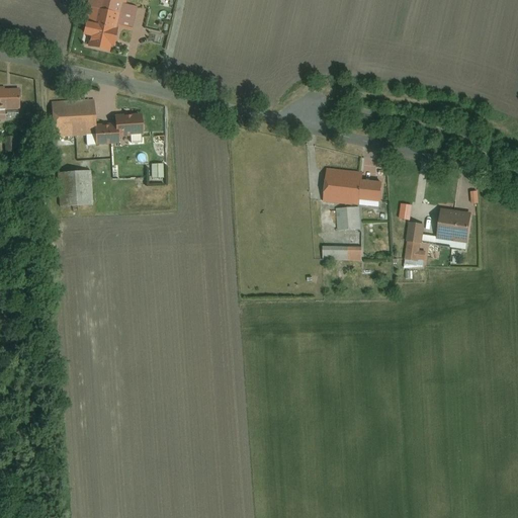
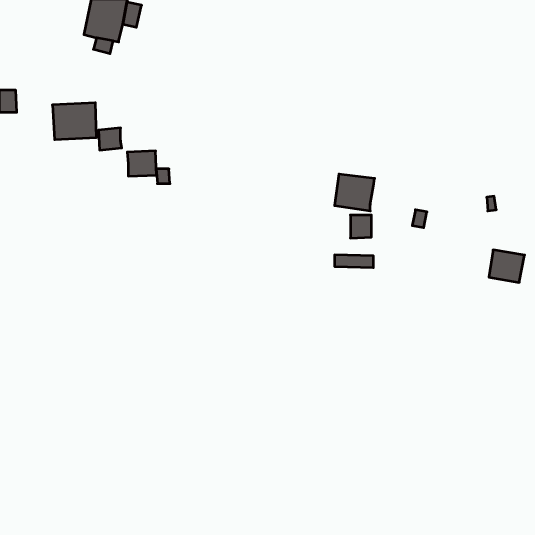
building: [115,111,144,136] -> [127,151,157,176]
building: [58,172,91,202] -> none
building: [357,179,381,200] -> none
building: [435,207,469,239] -> [489,250,525,282]
building: [405,223,425,261] -> none

